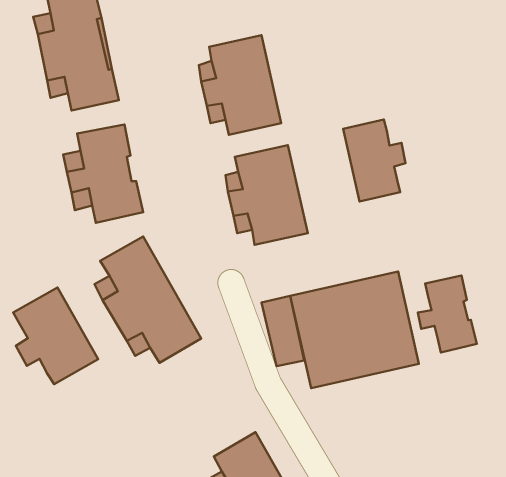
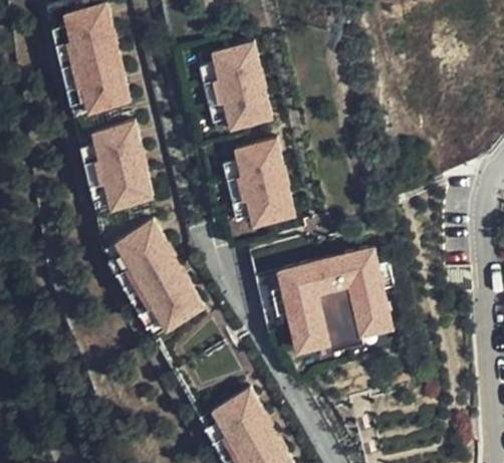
building: [343,120,406,201] -> none
building: [418,276,477,353] -> none
building: [13,287,98,384] -> none

